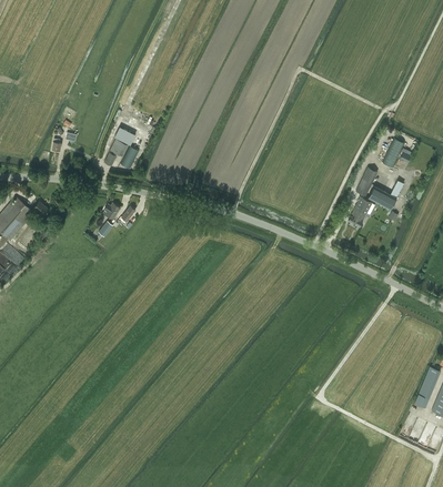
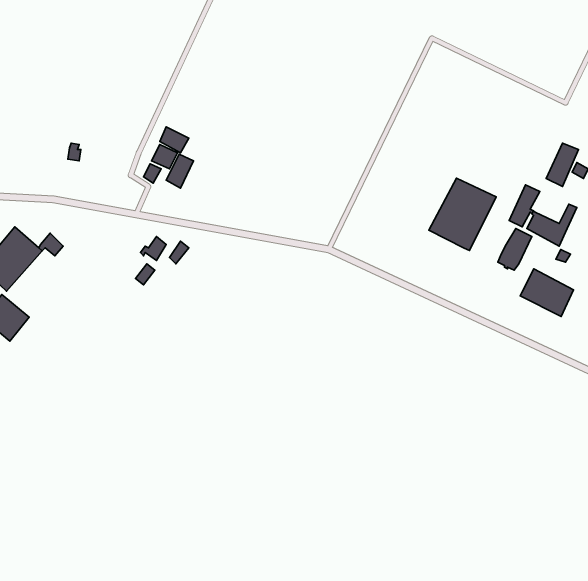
building: none -> [429,178,496,250]
building: none -> [520,269,573,316]

